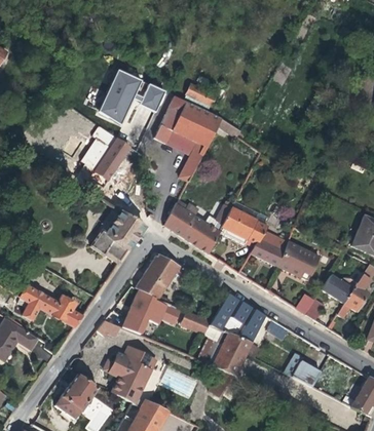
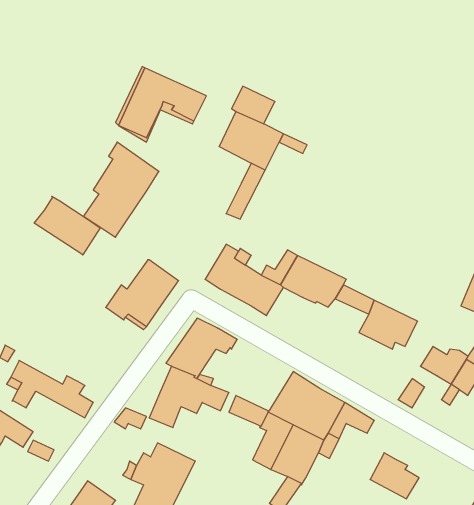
building: [154,96,197,155] -> none
building: none -> [34,196,100,255]
building: [251,240,284,265] -> none

